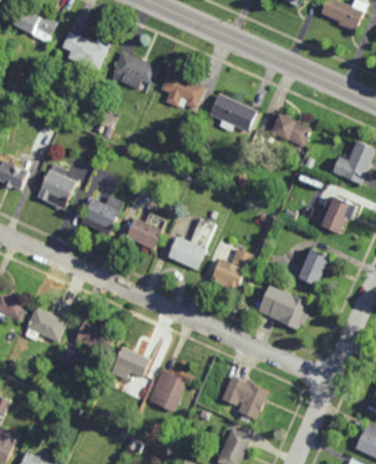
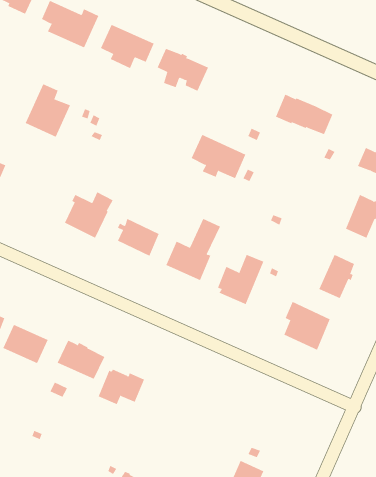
building: [208,93,256,132] -> [191,134,246,179]
building: [36,163,76,210] -> [25,83,71,138]
building: [147,369,186,411] -> none
building: [222,375,268,418] -> none

